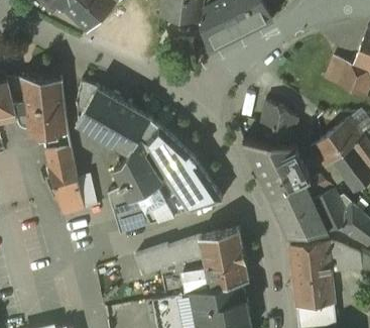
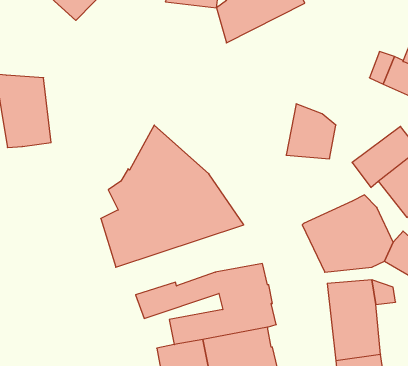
building: [77,81,150,154] -> none
building: [243,141,311,198] -> none
building: [39,149,90,219] -> none

